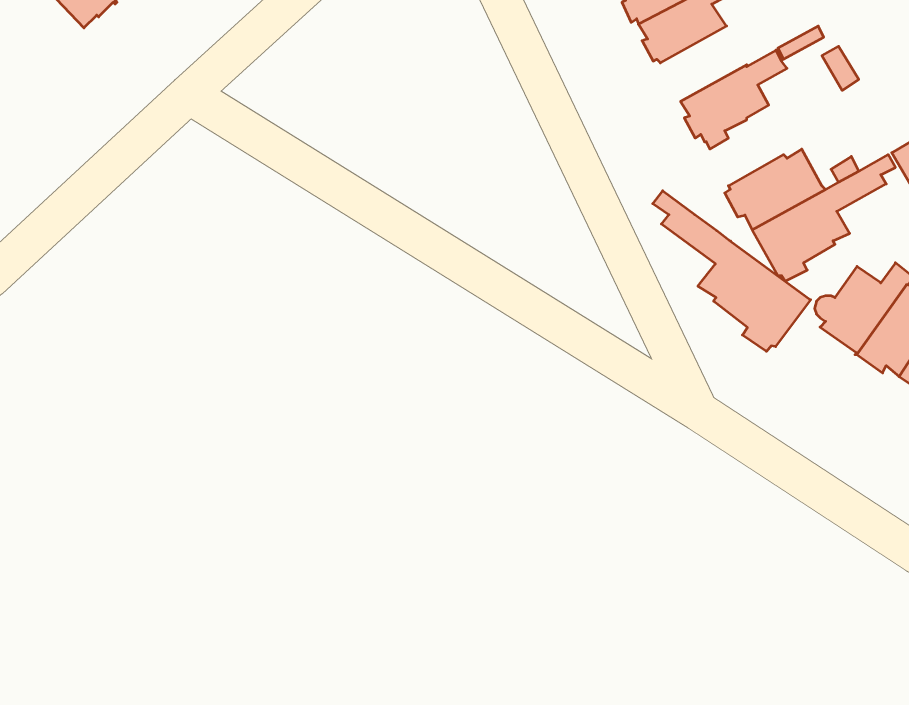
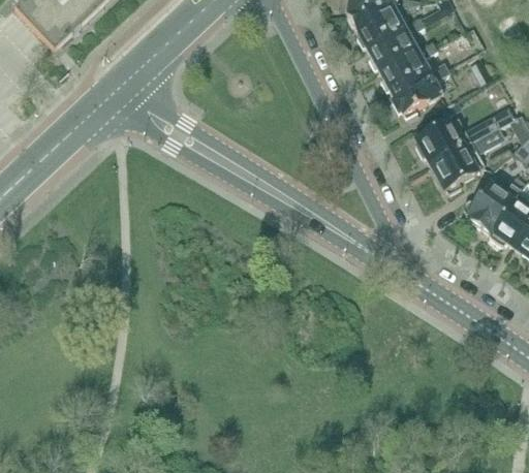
building: none -> [379,34,439,86]
building: [653,191,811,351] -> none

